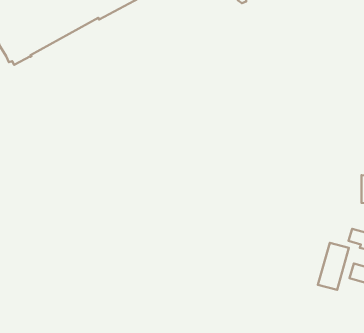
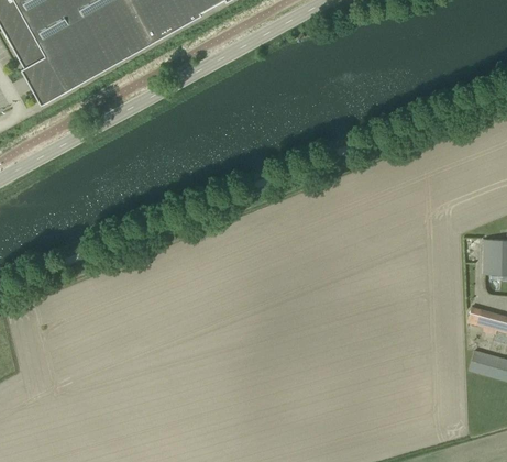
building: [318,243,349,290] -> none

